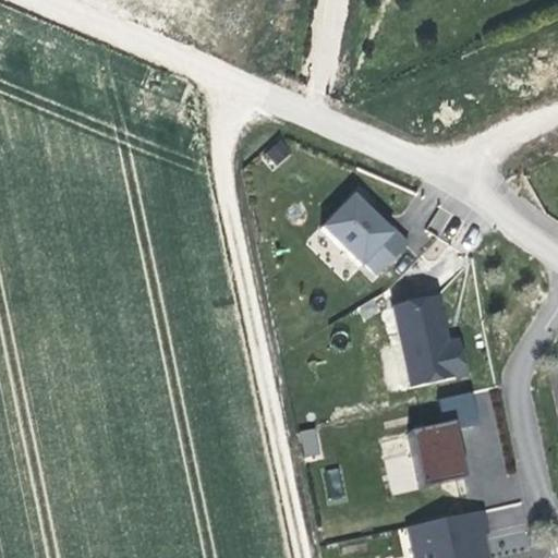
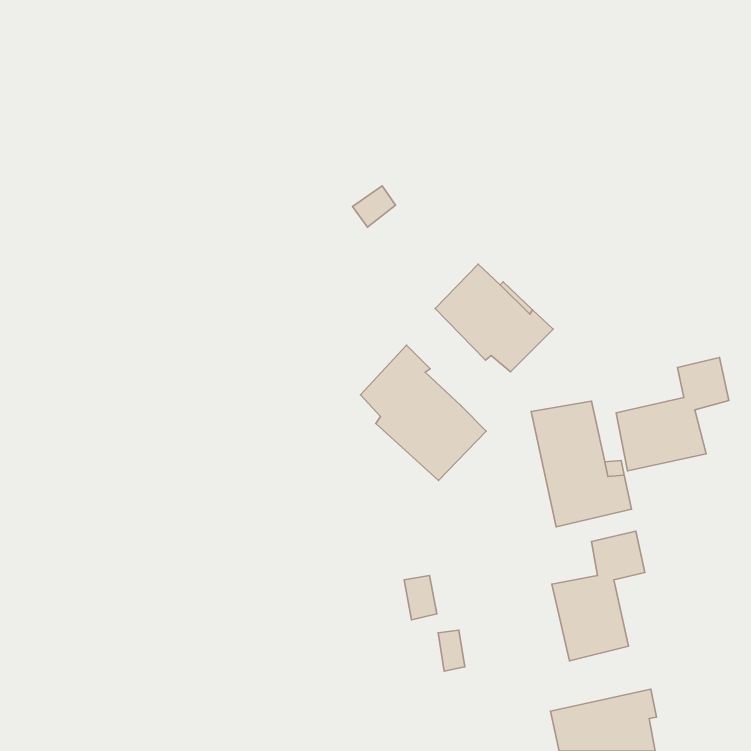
building: none -> [360,345,486,481]
building: none -> [616,358,729,471]

